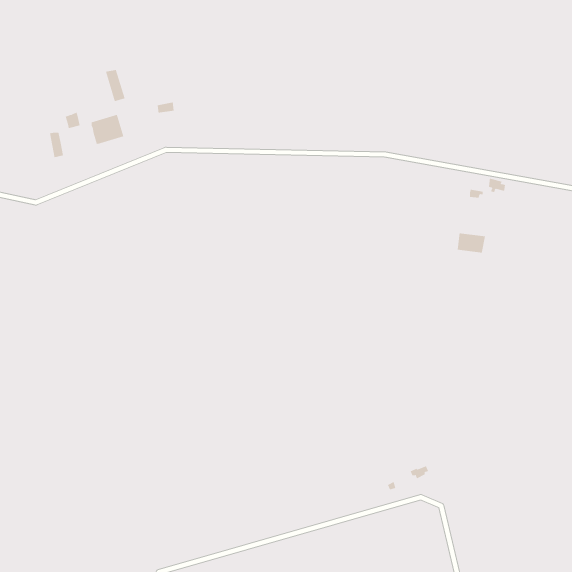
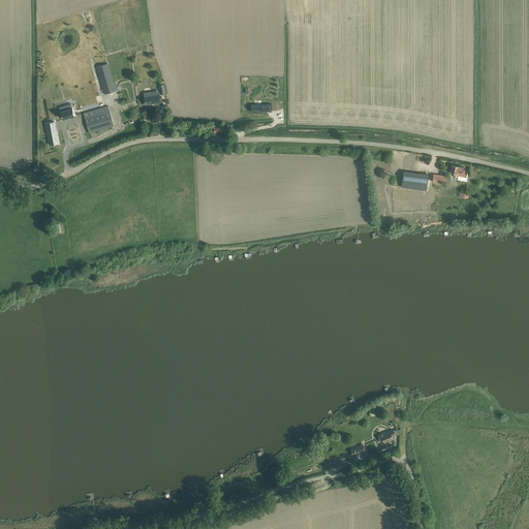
building: [457,233,486,253] -> [402,172,429,190]

